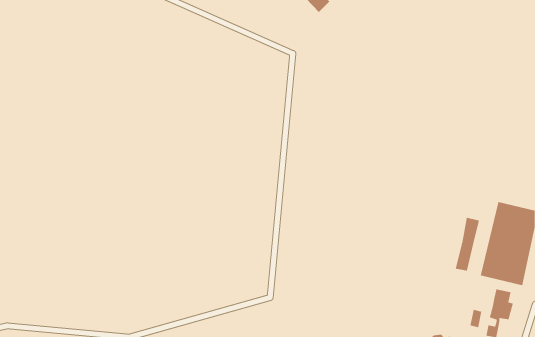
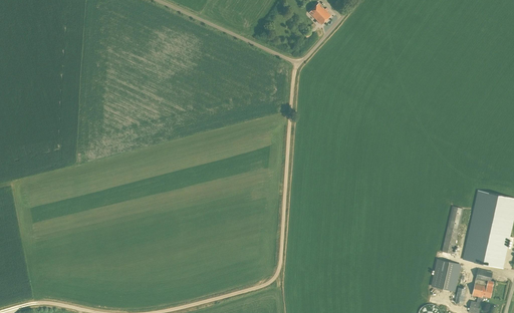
building: none -> [431,259,460,291]

